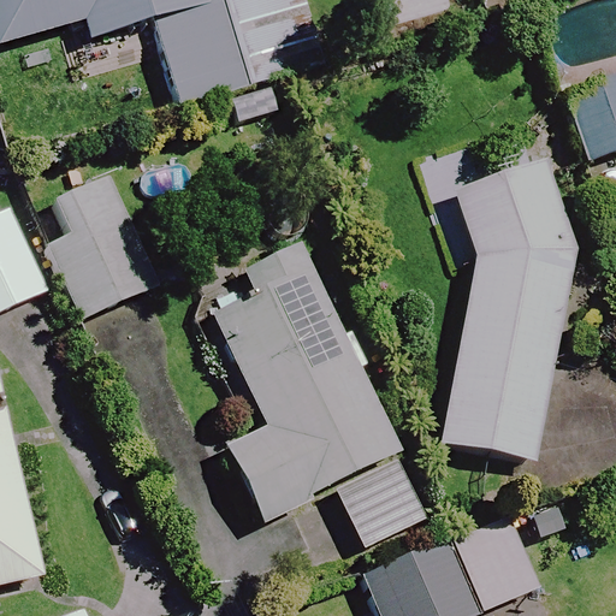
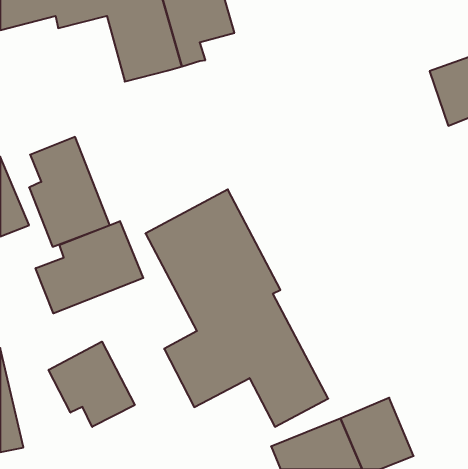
building: [442,159,573,460] -> none
building: none -> [36,221,143,313]
building: none -> [49,342,135,427]

